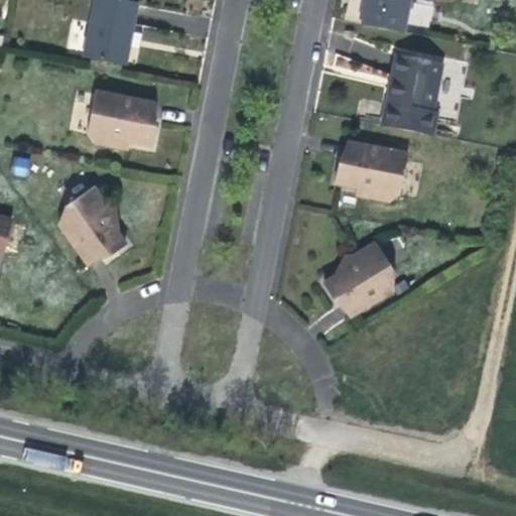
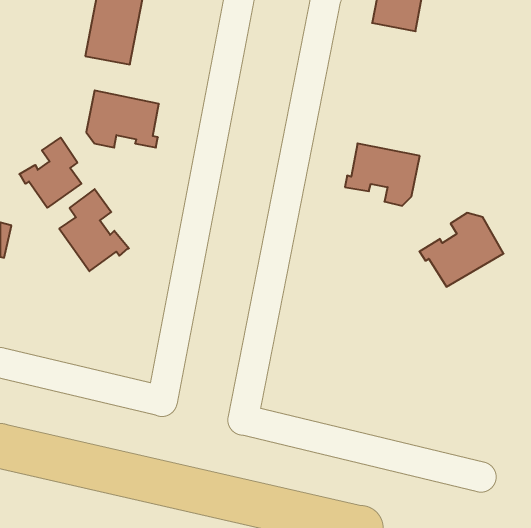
building: [385,51,441,132] -> none
building: none -> [19,138,81,208]
building: [322,243,404,314] -> [419,213,504,287]

